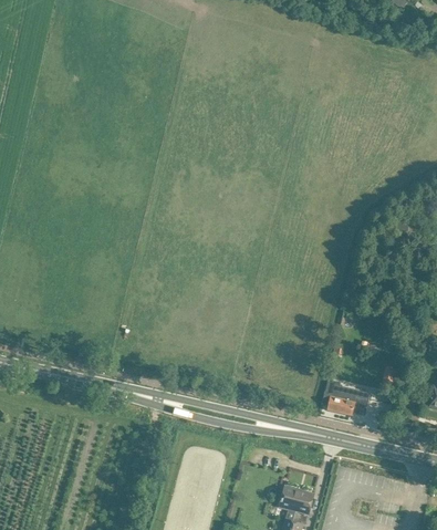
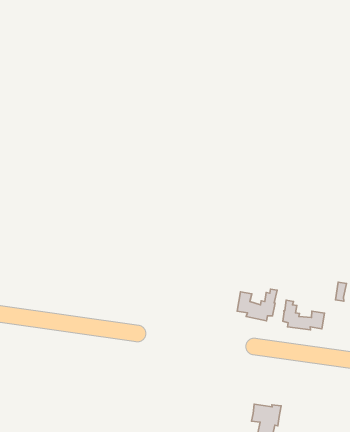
building: none -> [237,289,277,321]

